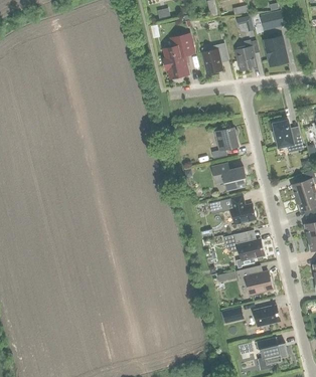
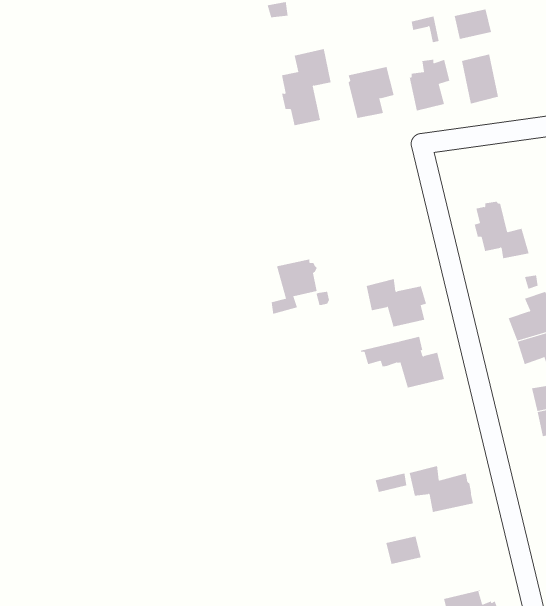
building: [211,128,238,159] -> [271,259,317,315]
building: [224,231,264,266] -> none
building: [253,305,280,327] -> none

